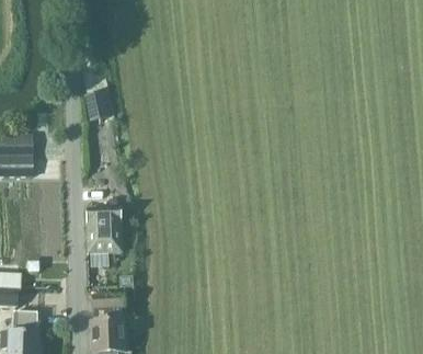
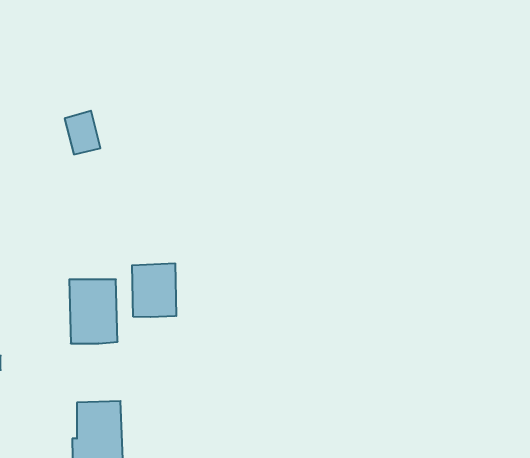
building: none -> [132,263,176,317]

